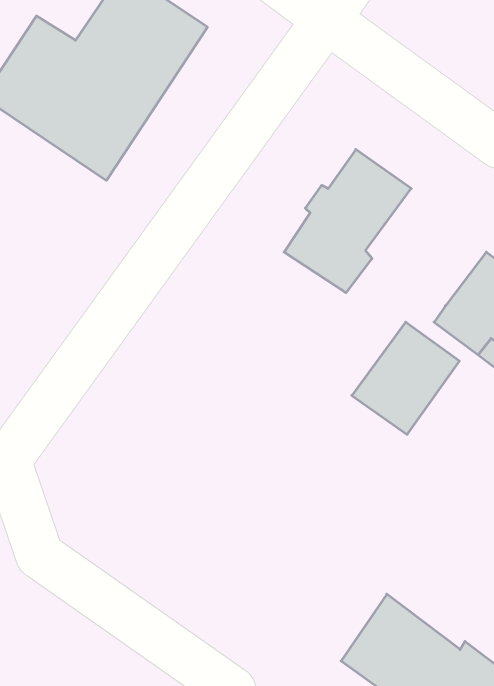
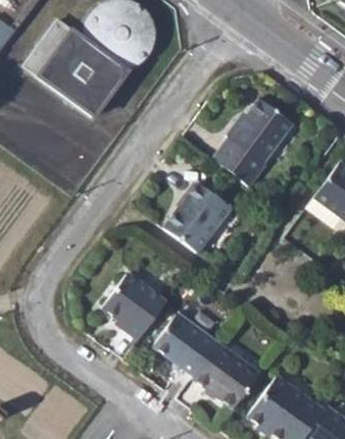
building: [352,322,459,434] -> [162,181,230,252]
building: none -> [101,272,164,337]
building: none -> [155,315,259,408]

